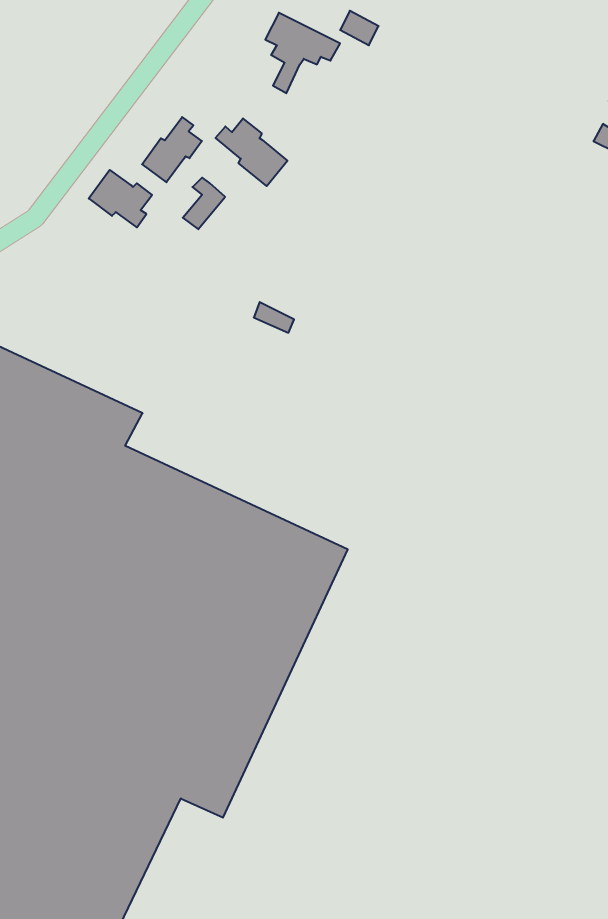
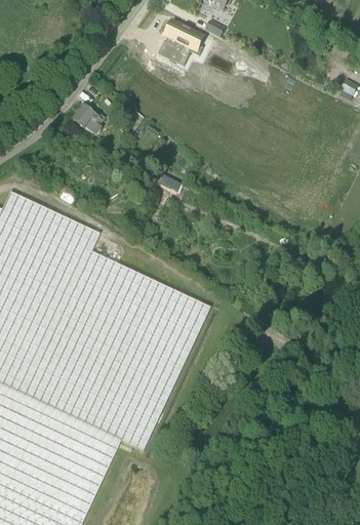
building: [142,117,202,182] -> none
building: [216,118,287,186] -> none

